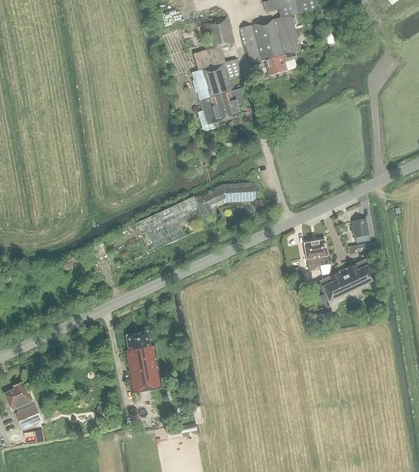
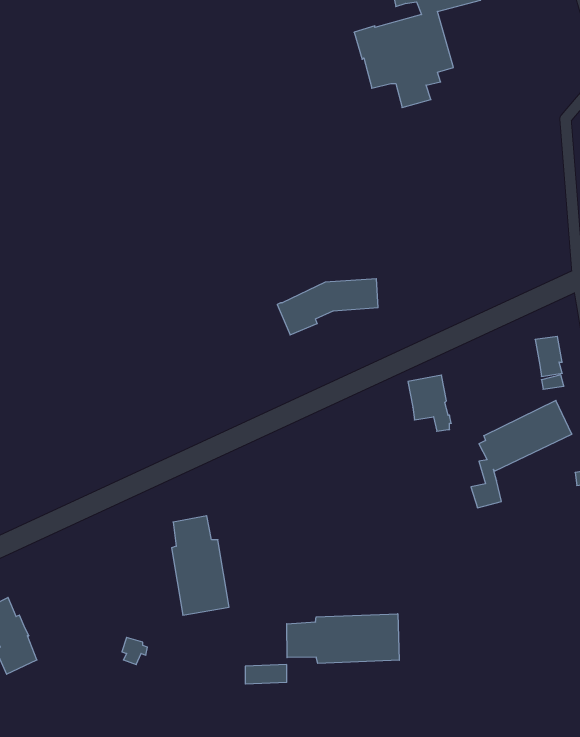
building: [193,17,245,128] -> none
building: [304,238,331,273] -> [408,375,451,431]
building: none -> [287,614,399,663]

